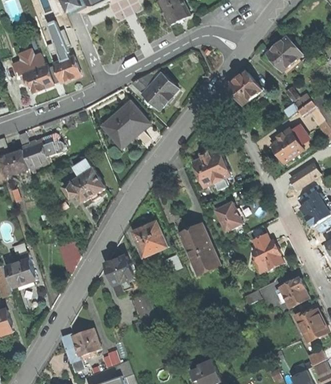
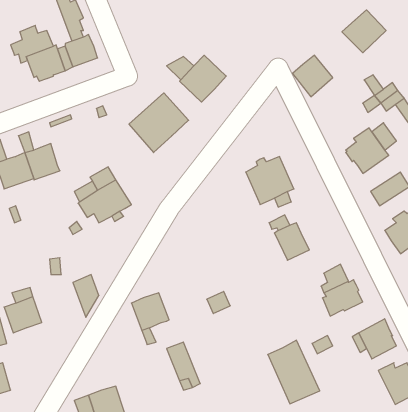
building: [41,133,66,158] -> none
building: [133,222,167,257] -> none
building: [179,223,219,272] -> [268,340,320,404]

